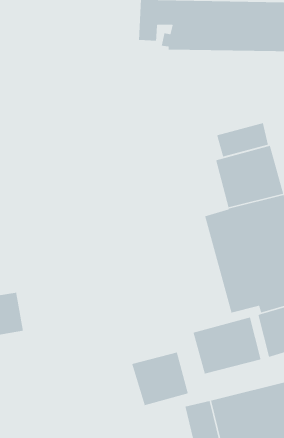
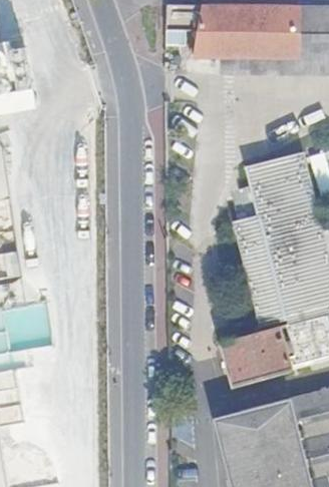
building: [216,122,269,158] -> none
building: [131,352,189,406] -> none

